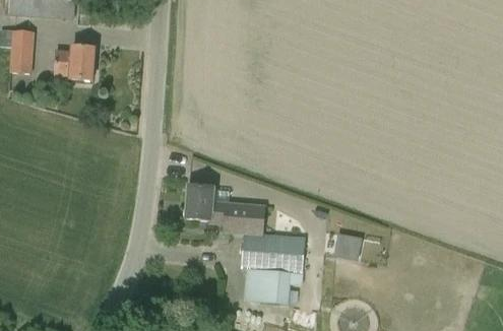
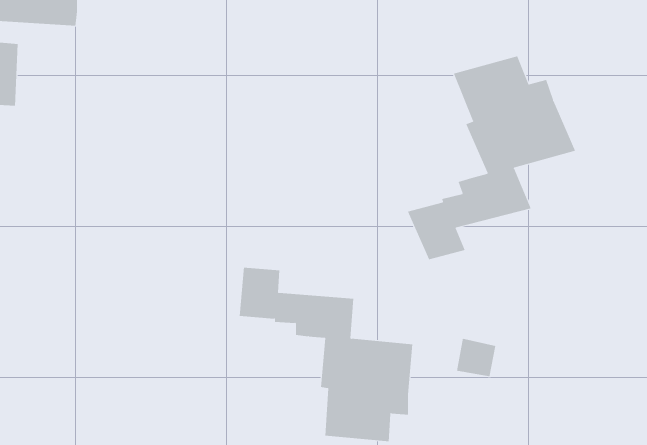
building: none -> [407,55,576,260]
building: [55,47,96,80] -> none

